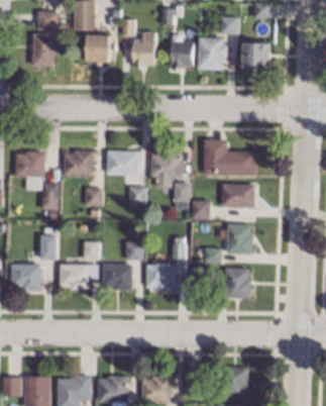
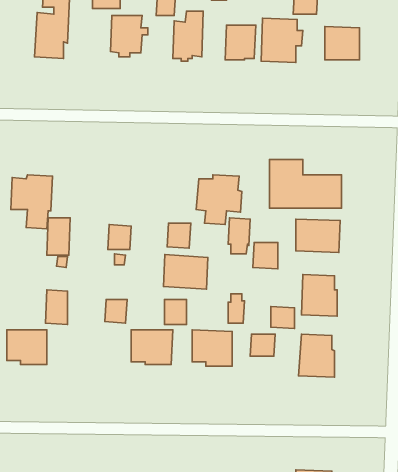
building: [64,150,94,177] -> none
building: [107,150,139,176] -> [164,255,208,289]
building: [61,265,99,290] -> none

